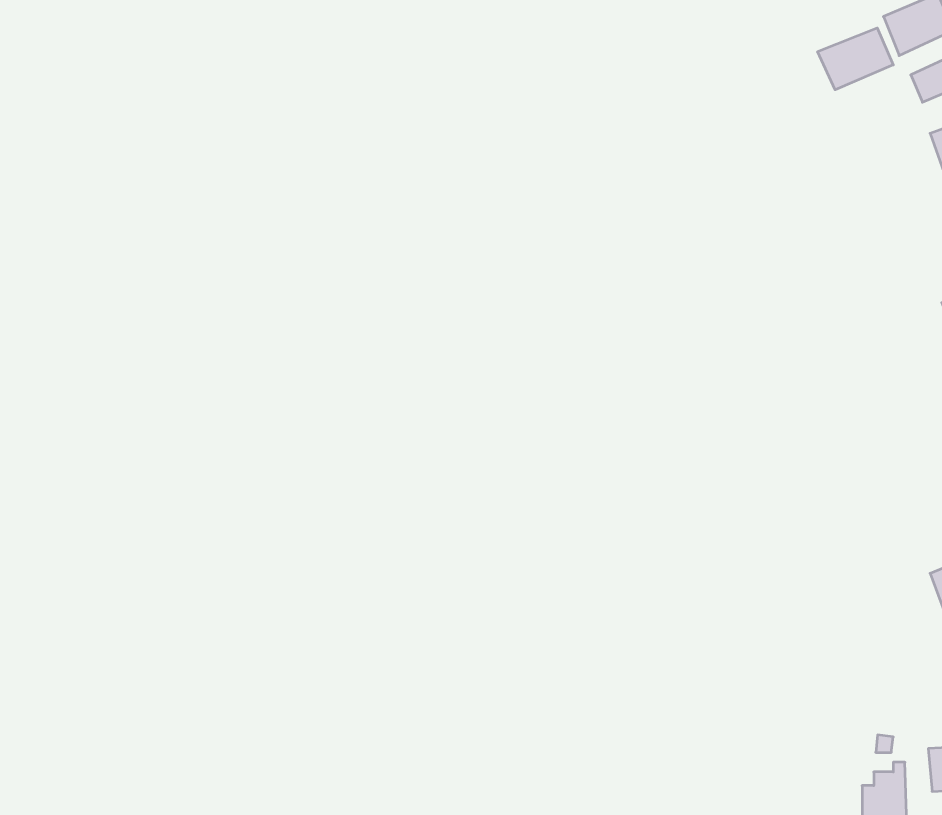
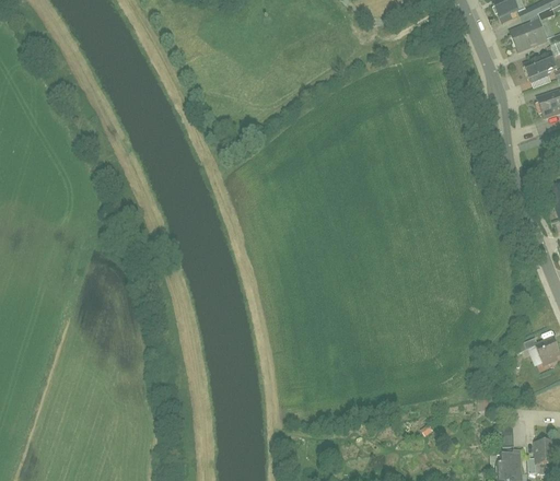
building: [818,28,893,90] -> none

